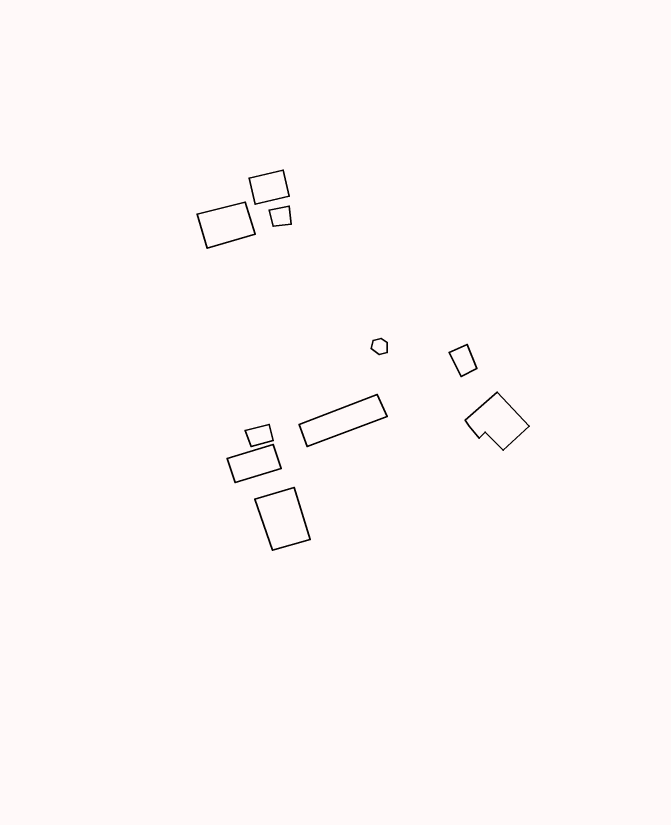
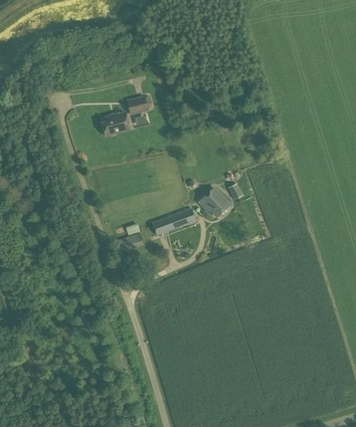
building: [465,392,529,450] -> [197,187,229,216]
building: [255,487,310,550] -> none

